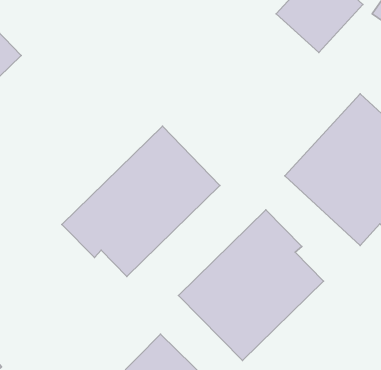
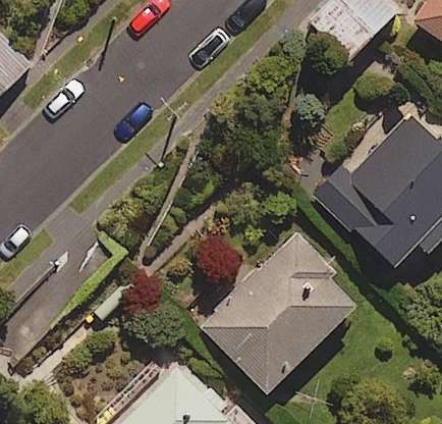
building: [62,126,220,276] -> none

